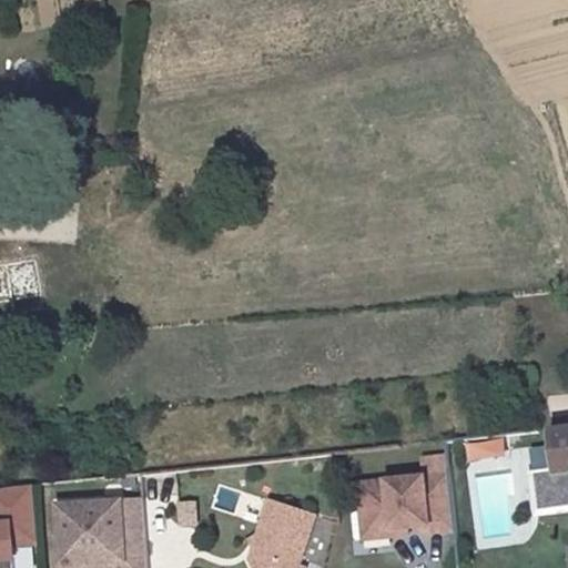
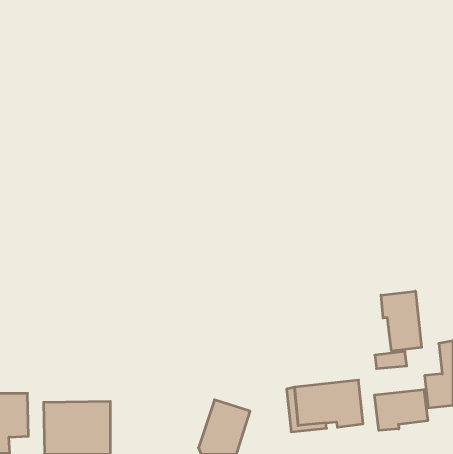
building: none -> [381,291,422,351]
building: none -> [375,390,428,430]

